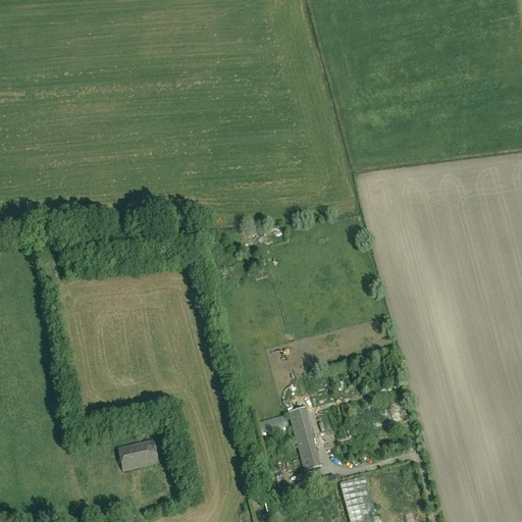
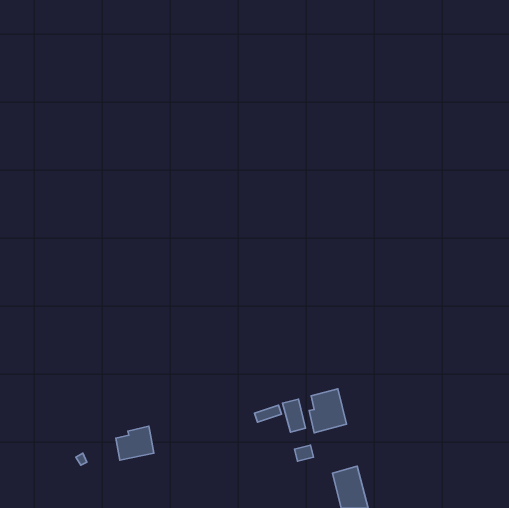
building: none -> [309,389,347,433]

